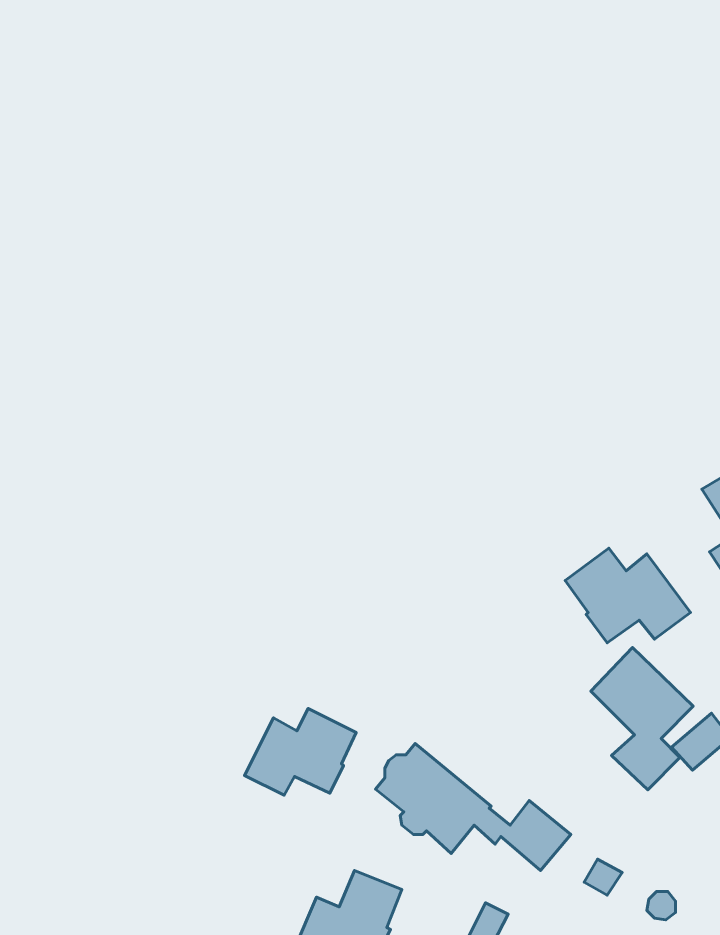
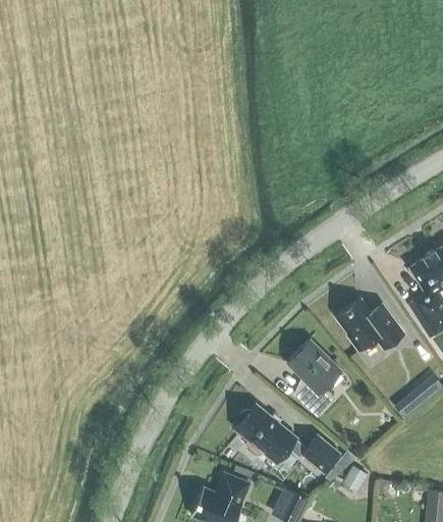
building: [591,647,693,790] -> [286,340,341,416]
building: [245,709,356,795] -> none

